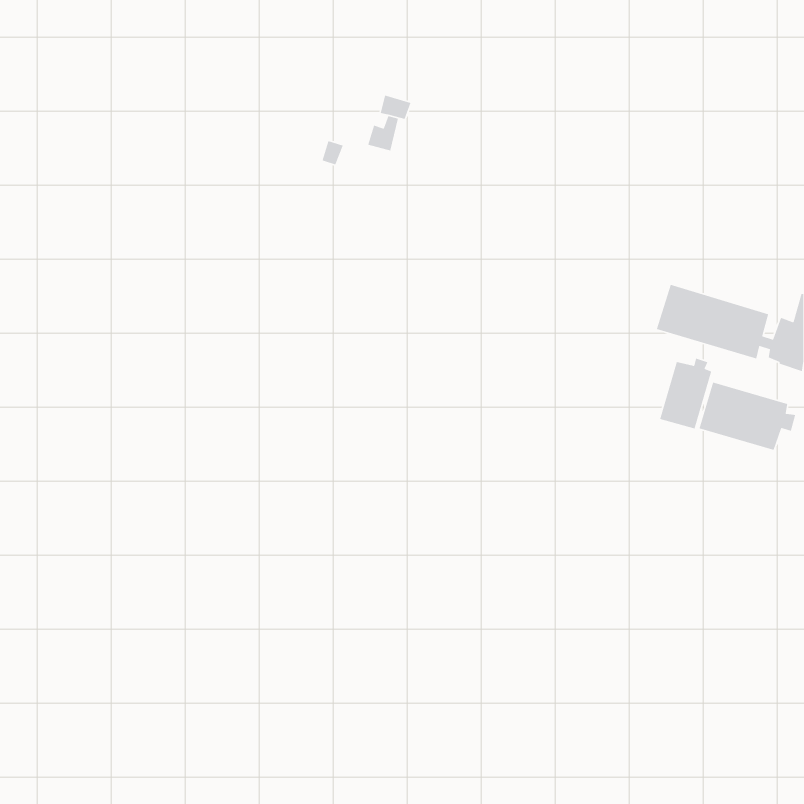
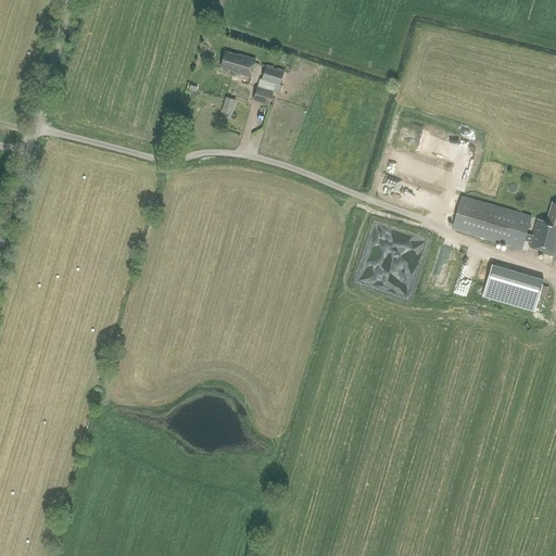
building: none -> [220,51,254,76]
building: [659,358,712,430] -> none

